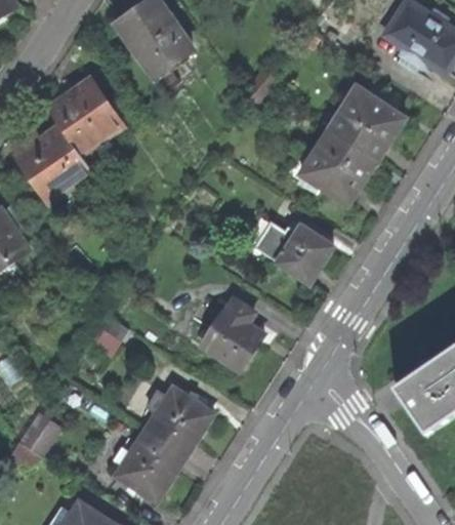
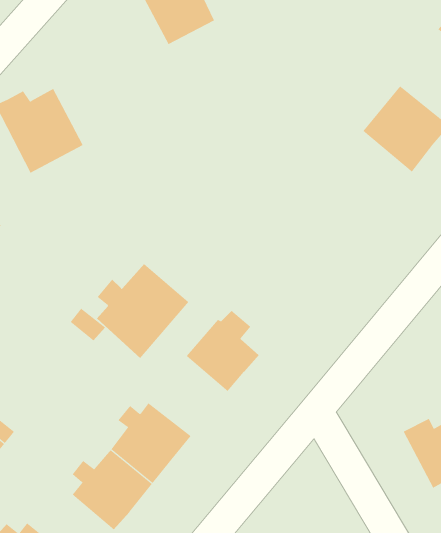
building: [48,80,122,155] -> none
building: [285,130,377,204] -> none
building: [254,221,334,283] -> none
building: none -> [96,263,189,359]

